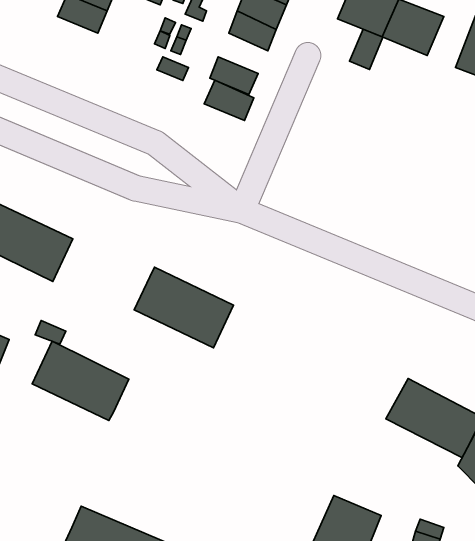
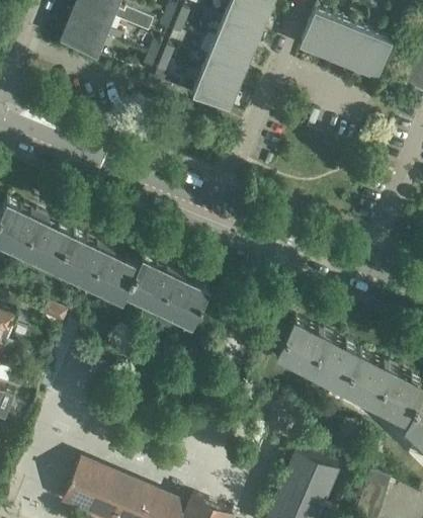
building: [350,29,383,69] -> none
building: [204,80,254,120] -> [196,60,239,94]
building: none -> [275,322,359,390]
building: [32,341,129,420] -> [55,236,138,304]

